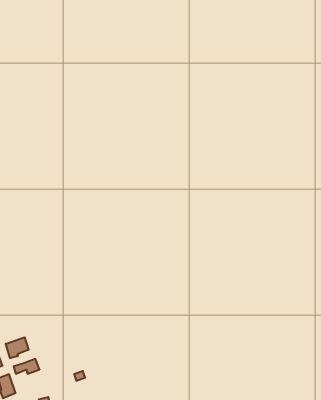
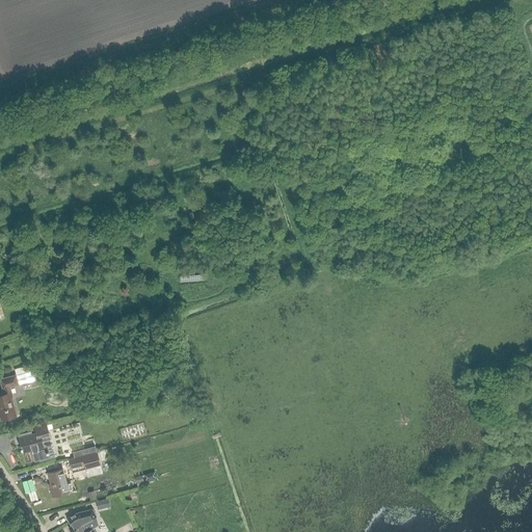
building: [6,337,28,358] -> none

